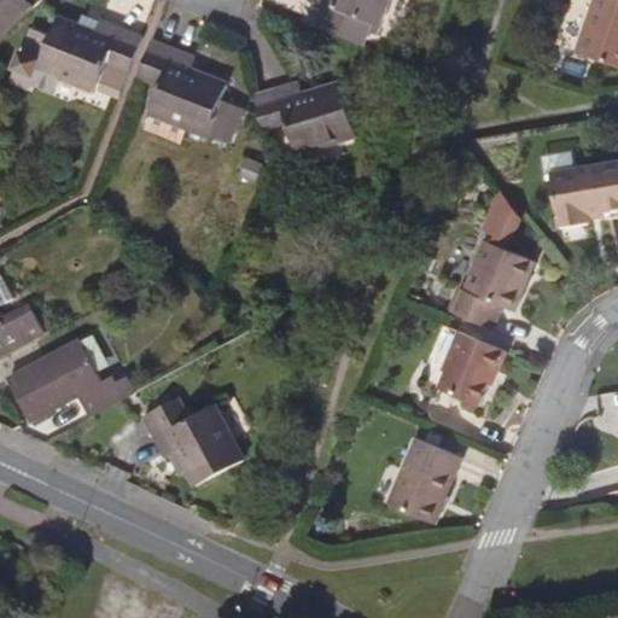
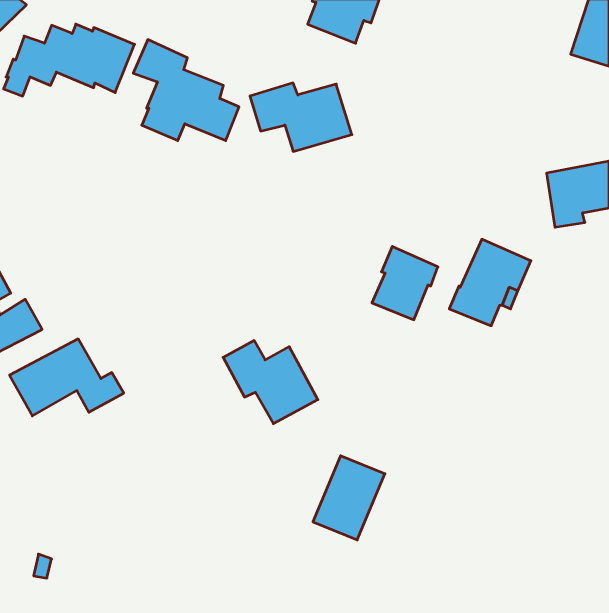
building: [482,194,525,239] -> none
building: [439,332,506,406] -> [372,246,438,320]
building: [144,396,239,479] -> [223,341,318,424]
building: [387,439,460,524] -> [313,456,385,540]

